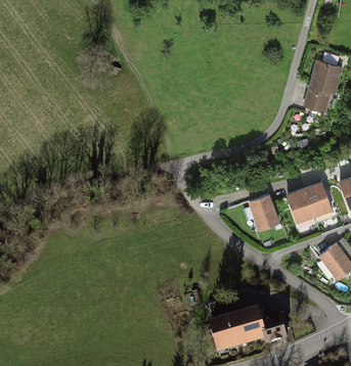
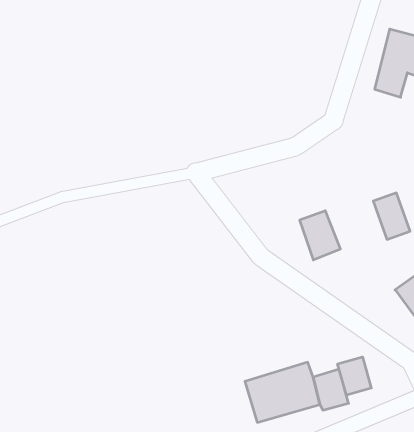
building: [287,188,314,223] -> none
building: none -> [338,357,371,395]

